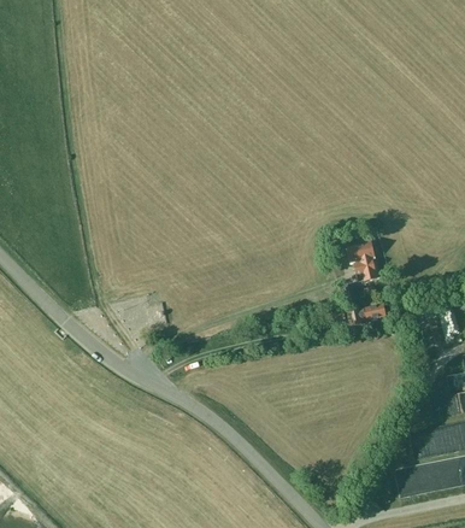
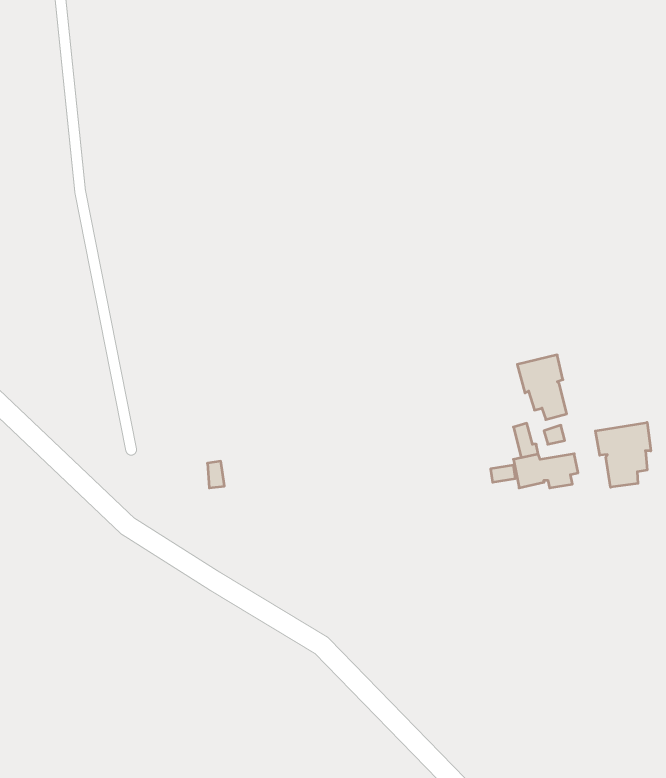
building: none -> [595,422,651,487]

